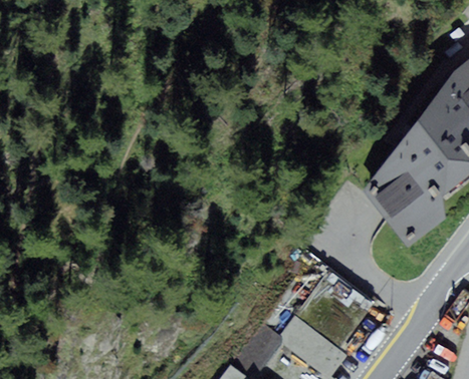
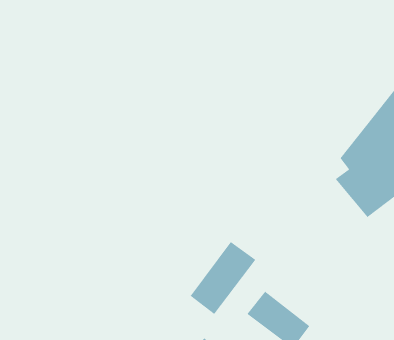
building: none -> [190,241,256,315]

